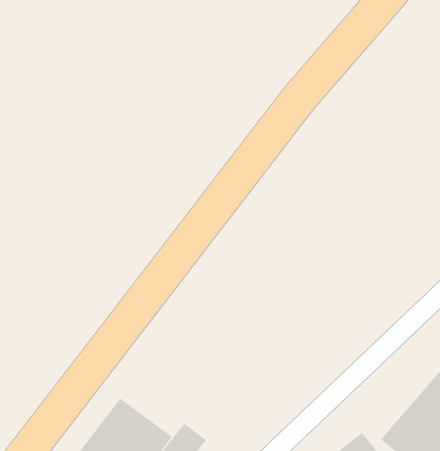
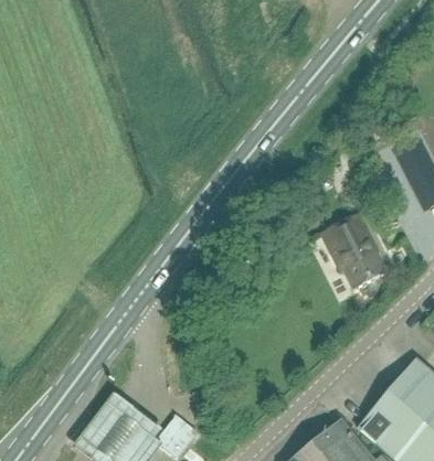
building: none -> [319,207,387,290]

